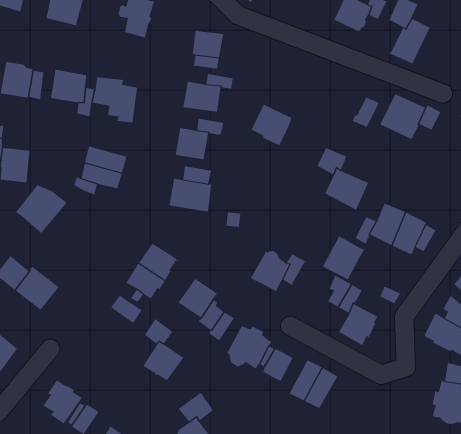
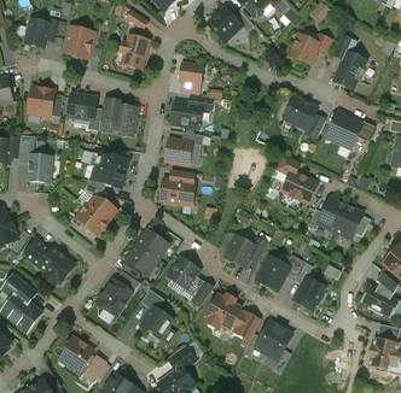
building: [251,104,292,145] -> [285,96,318,129]
building: [15,185,68,234] -> [76,195,117,234]
building: [322,236,365,280] -> [256,256,290,291]
building: none -> [98,278,132,316]

